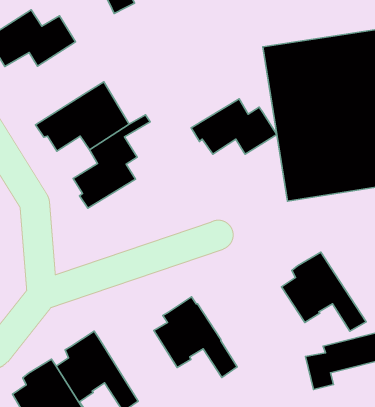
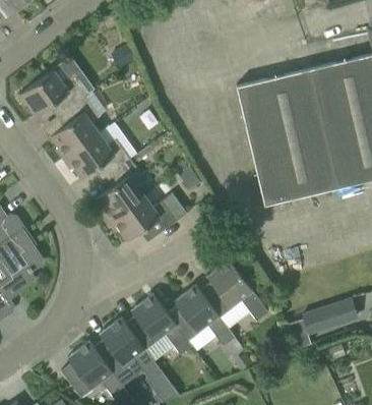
building: none -> [51,90,106,159]
building: [191,99,277,154] -> [109,195,176,240]
building: [282,252,366,331] -> [200,259,268,320]
building: none -> [125,293,192,354]

